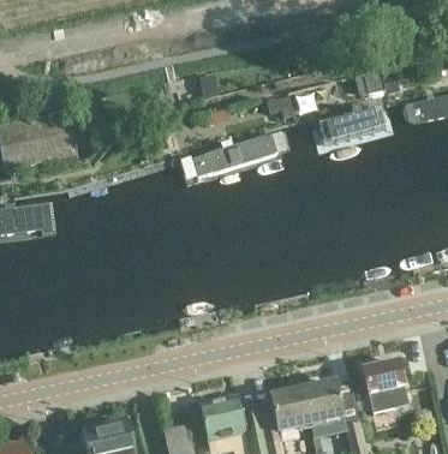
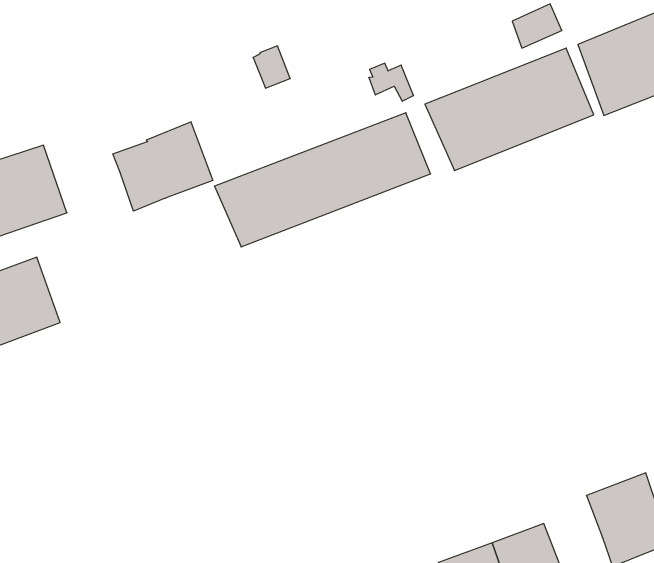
building: none -> [113,122,213,211]

